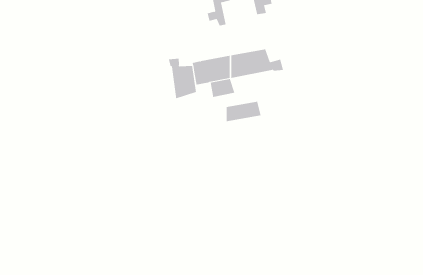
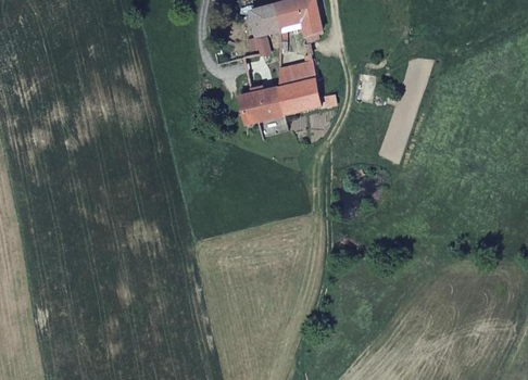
building: [168,58,197,99] -> none
building: [226,101,261,122] -> [274,64,315,88]

